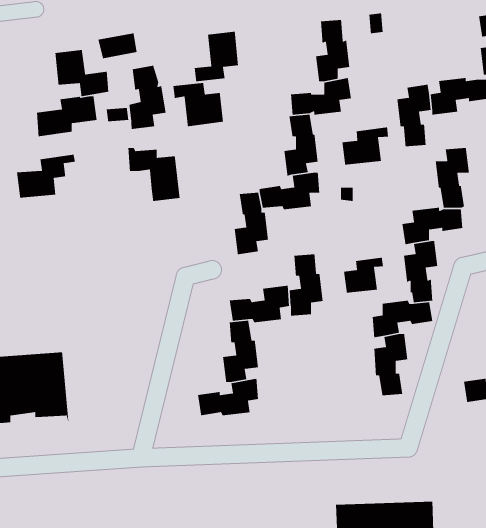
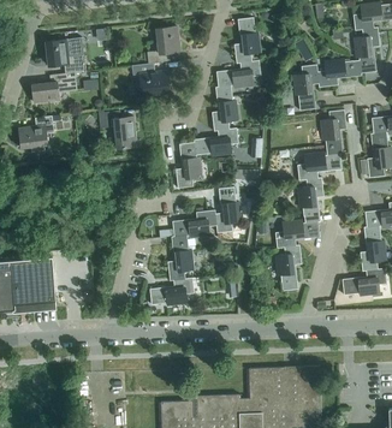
building: [128,65,167,130] -> none
building: [341,126,389,166] -> none
building: [343,257,384,294] -> none

